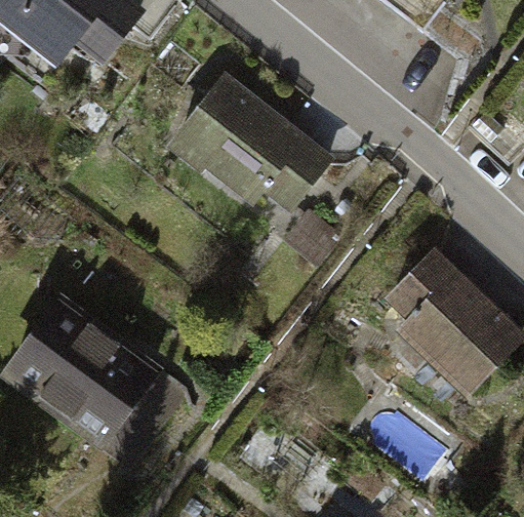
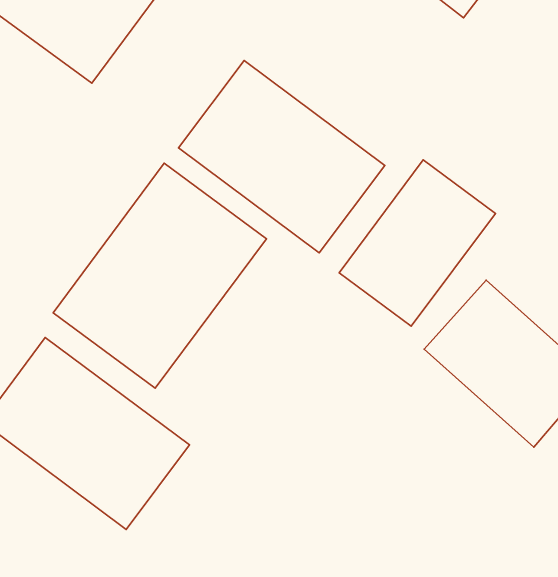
building: none -> [339,160,495,326]
building: none -> [53,163,266,388]

